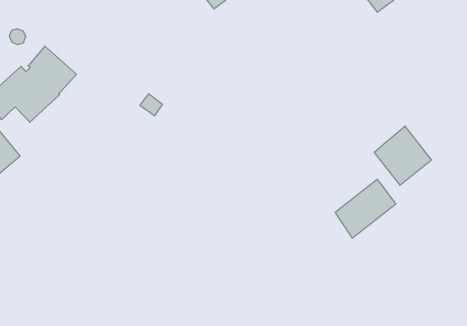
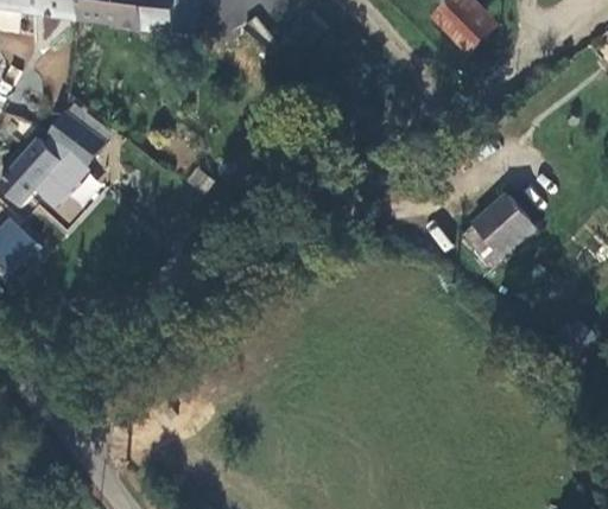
building: [335,179,396,238] -> none

